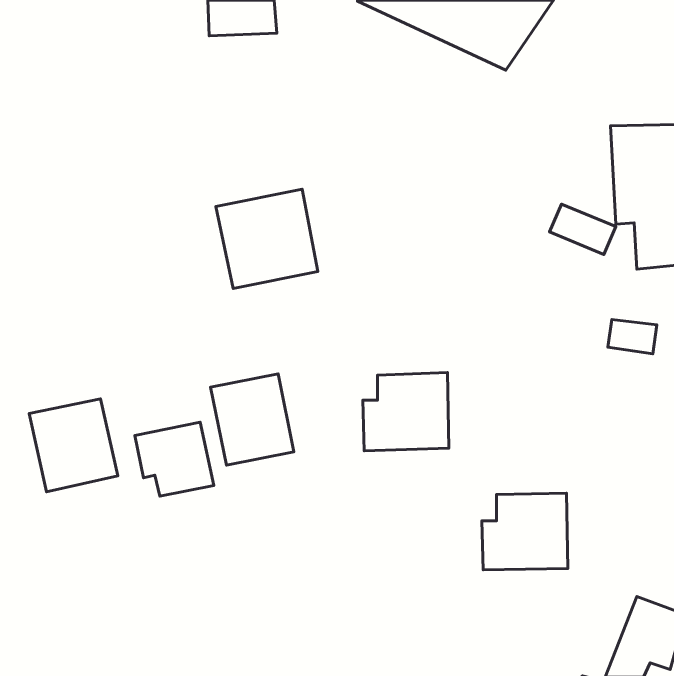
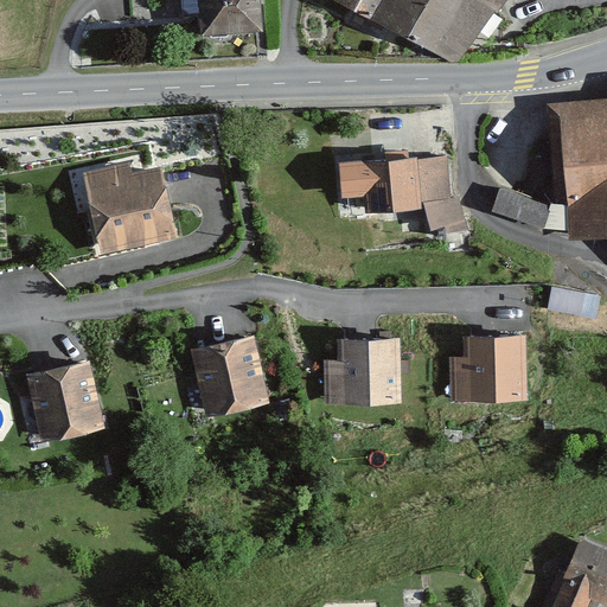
building: none -> [357,151,469,235]
building: [216,189,318,289] -> [77,166,168,255]
building: [135,422,214,496] -> none
building: [482,493,568,570] -> [453,332,530,401]

